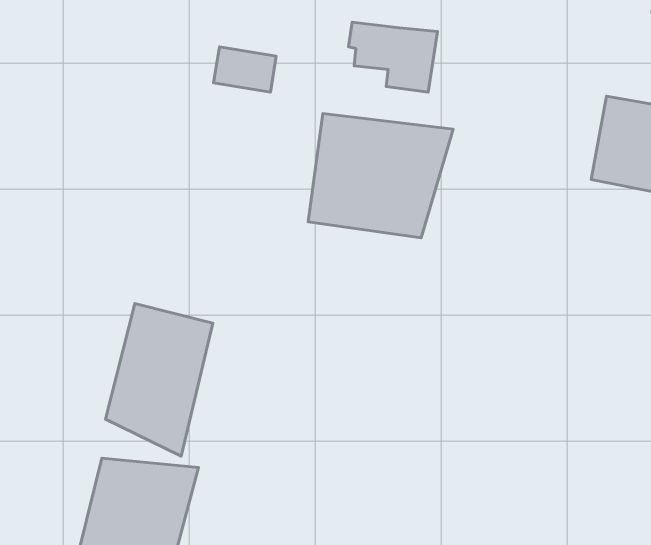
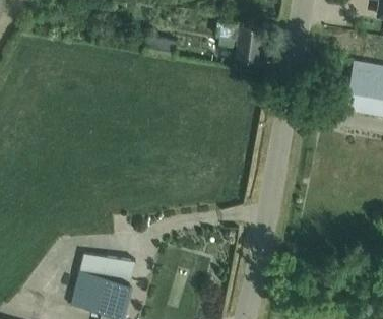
building: [308,113,453,238] -> none
building: [105,304,213,456] -> none

